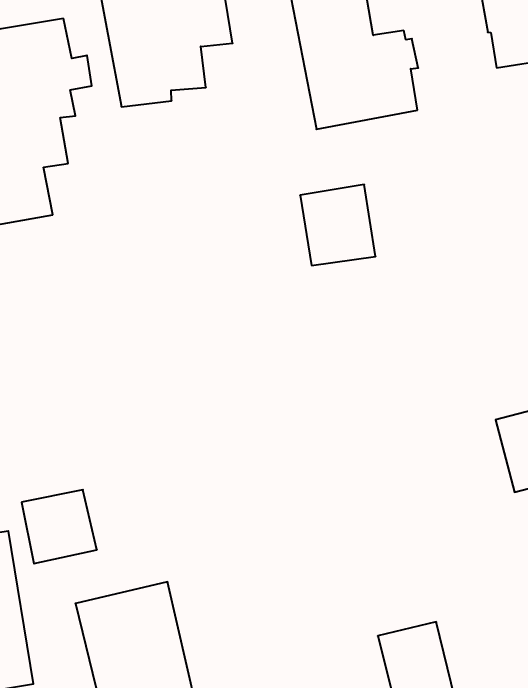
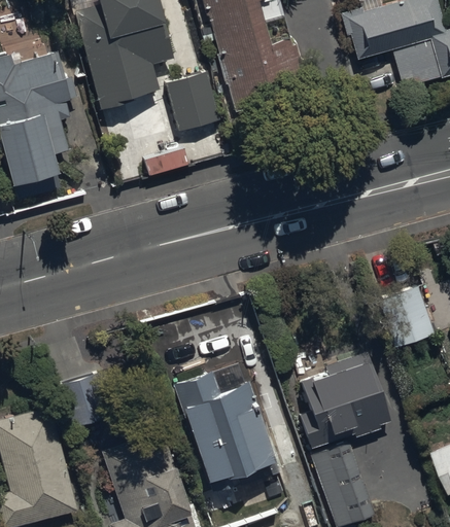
building: [300,185,376,265] -> [165,72,220,131]
building: none -> [297,351,389,448]
building: none -> [173,371,278,486]

